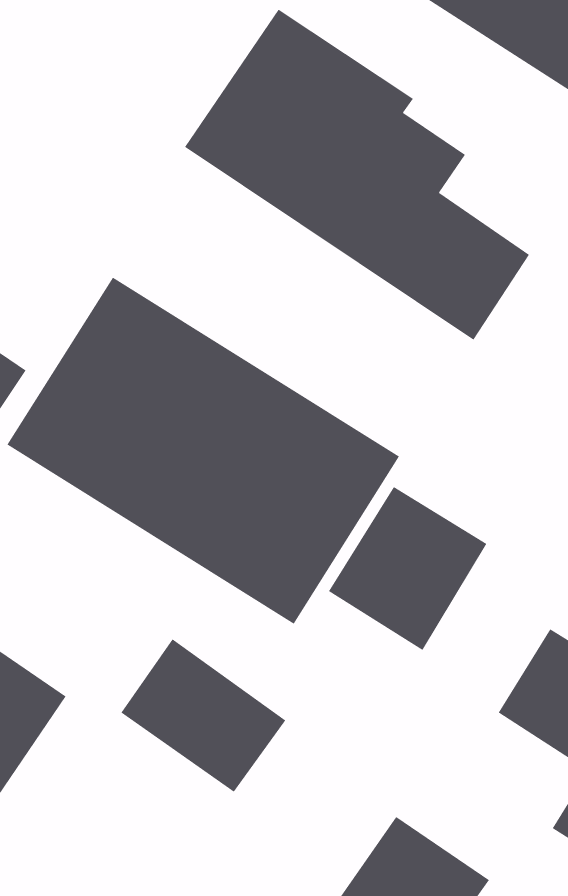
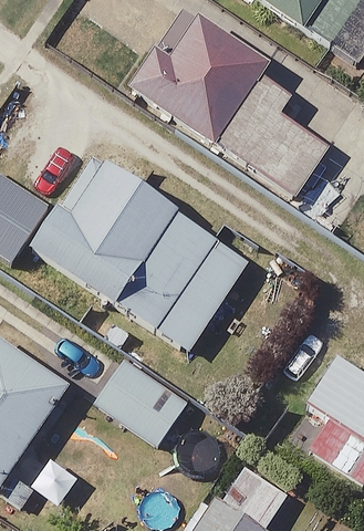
building: [328,486,487,651] -> none

